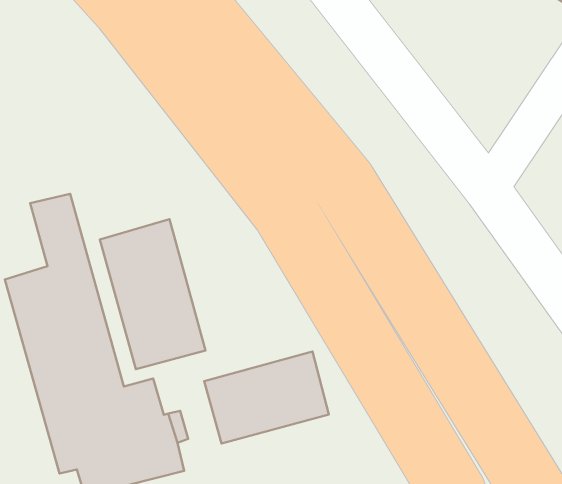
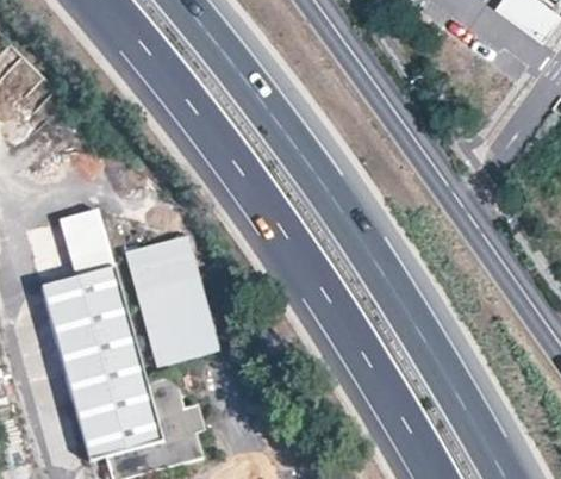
building: [204,351,329,444] -> none

